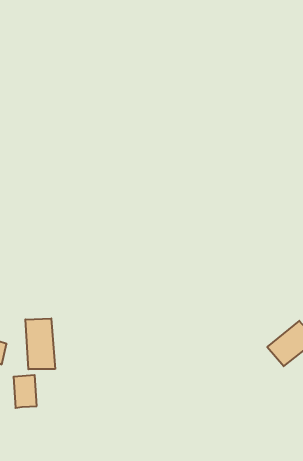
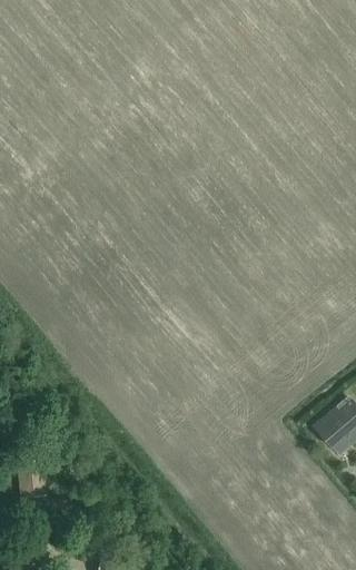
building: [25,318,55,369] -> none

